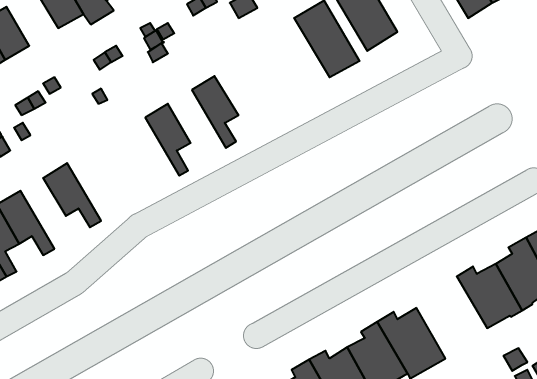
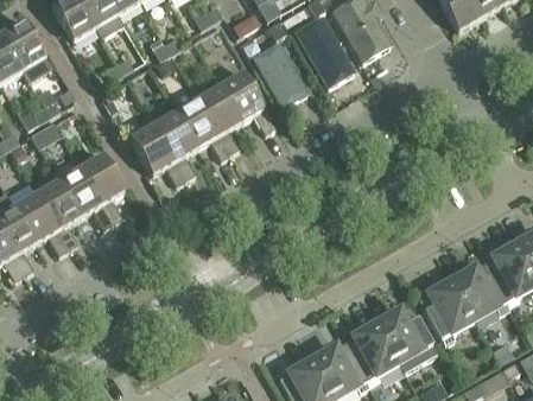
building: none -> [253,39,309,106]
building: none -> [220,71,275,132]
building: none -> [176,97,230,158]
building: none -> [131,123,186,184]
building: none -> [81,153,125,221]
building: none -> [37,180,80,247]
building: none -> [418,273,476,343]

